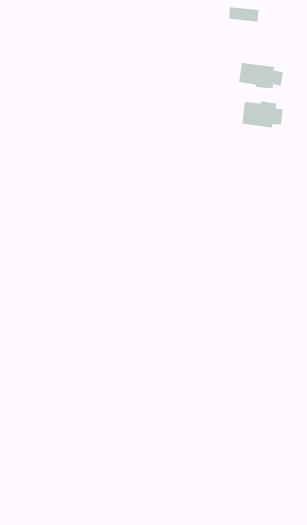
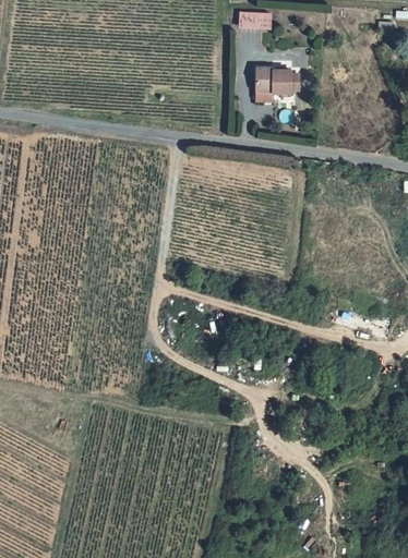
building: [241,100,284,128] -> none

